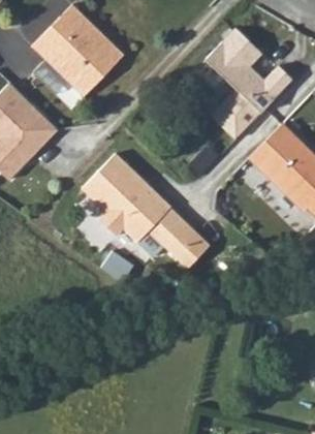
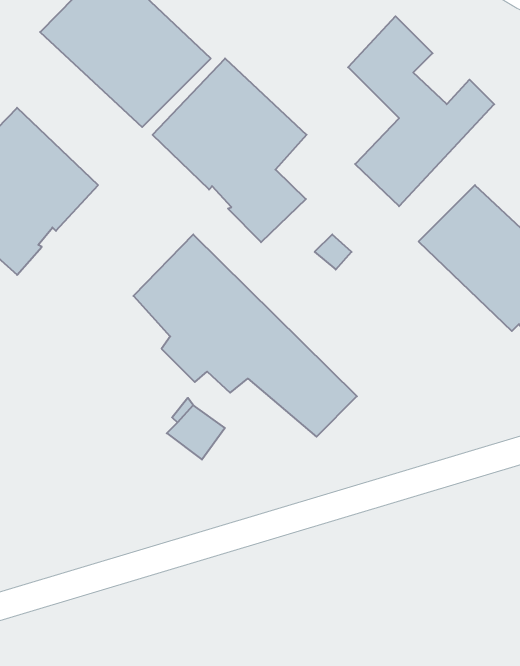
building: none -> [153,58,307,242]

